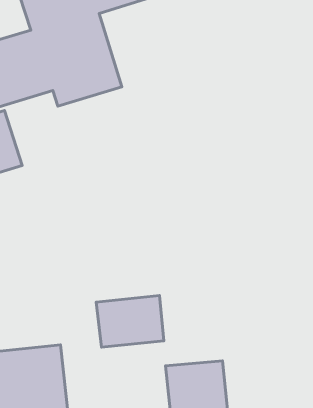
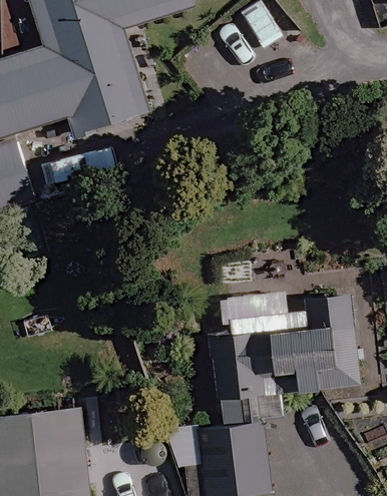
building: none -> [214,295,358,422]
building: [96,295,164,347] -> none

